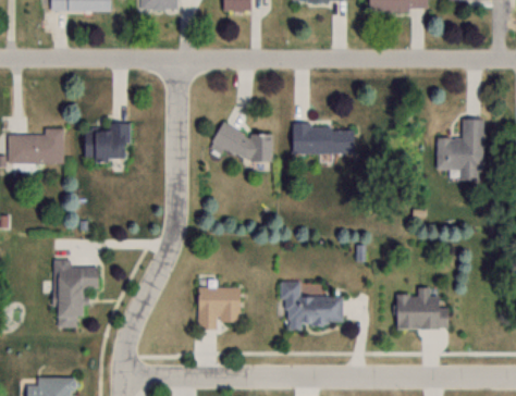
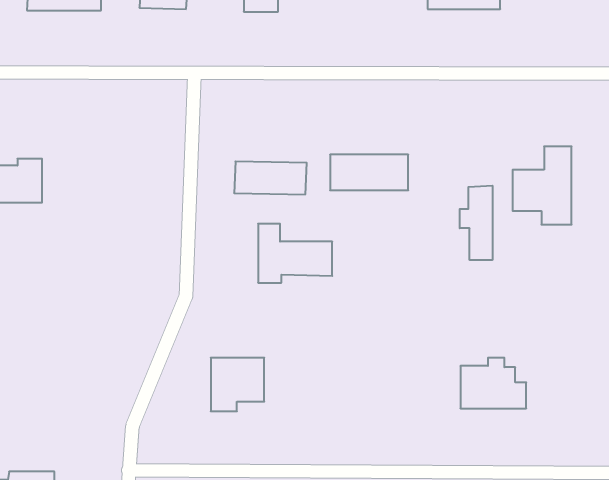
building: [85,124,130,161] -> none
building: none -> [460,186,492,260]
building: [53,259,98,327] -> none
building: [283,282,342,329] -> [258,224,332,283]

